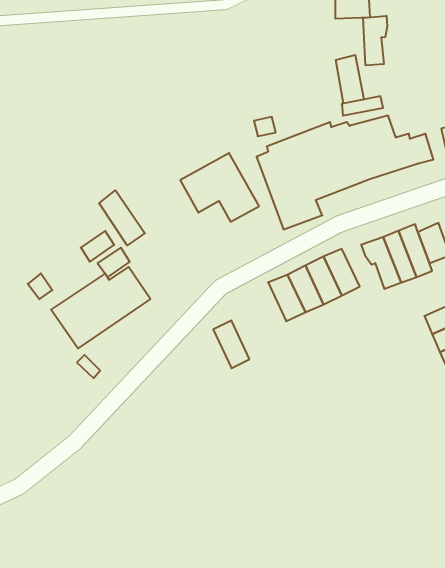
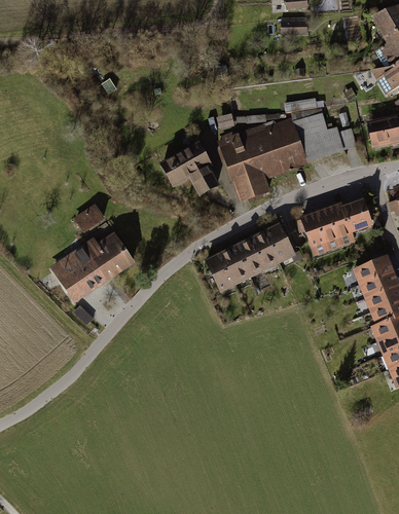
building: [363,16,387,65] -> none
building: [336,55,364,103] -> none
building: [99,190,145,245] -> none
building: [213,320,249,368] -> [212,246,241,284]

